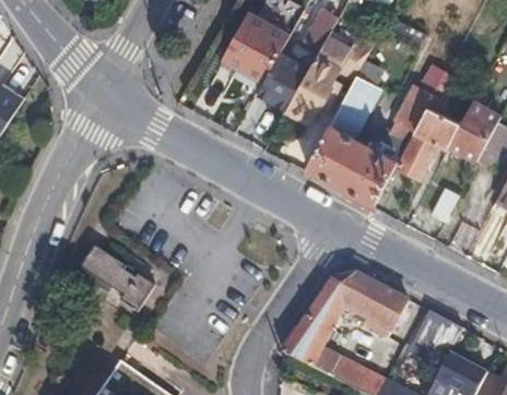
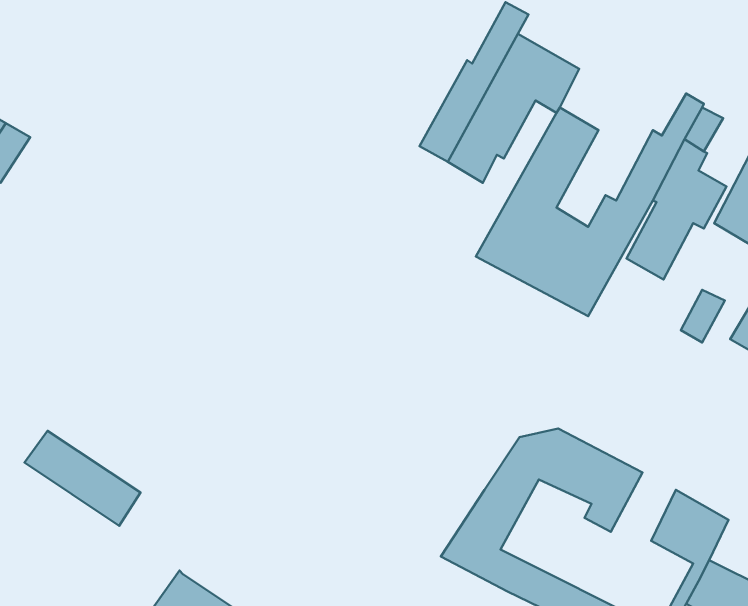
building: [223,11,290,80] -> none
building: [80,248,152,307] -> [25,431,140,526]

